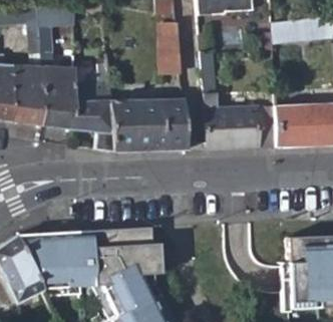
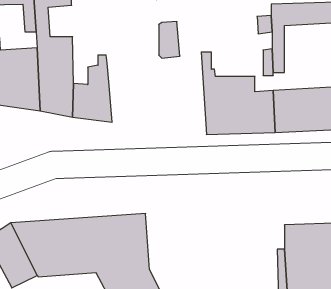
building: [111,97,189,152] -> none

